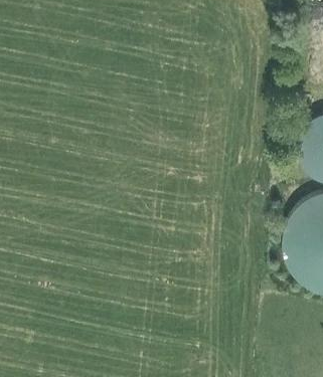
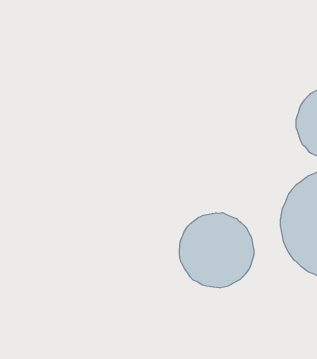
building: none -> [179,213,254,288]

